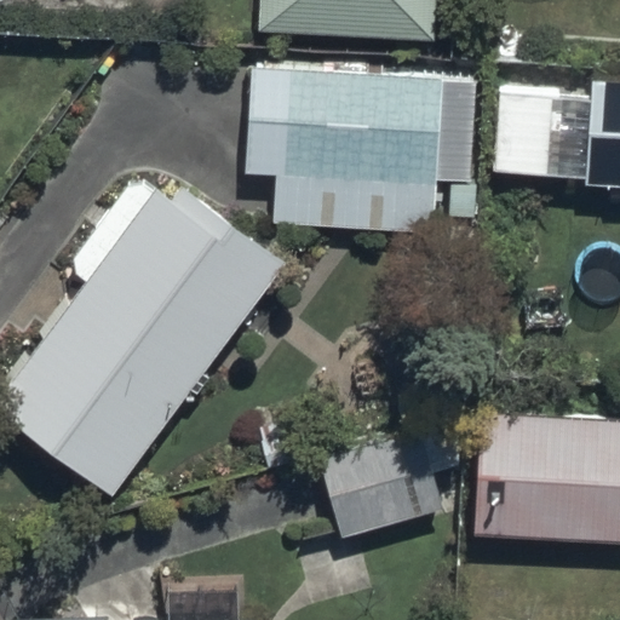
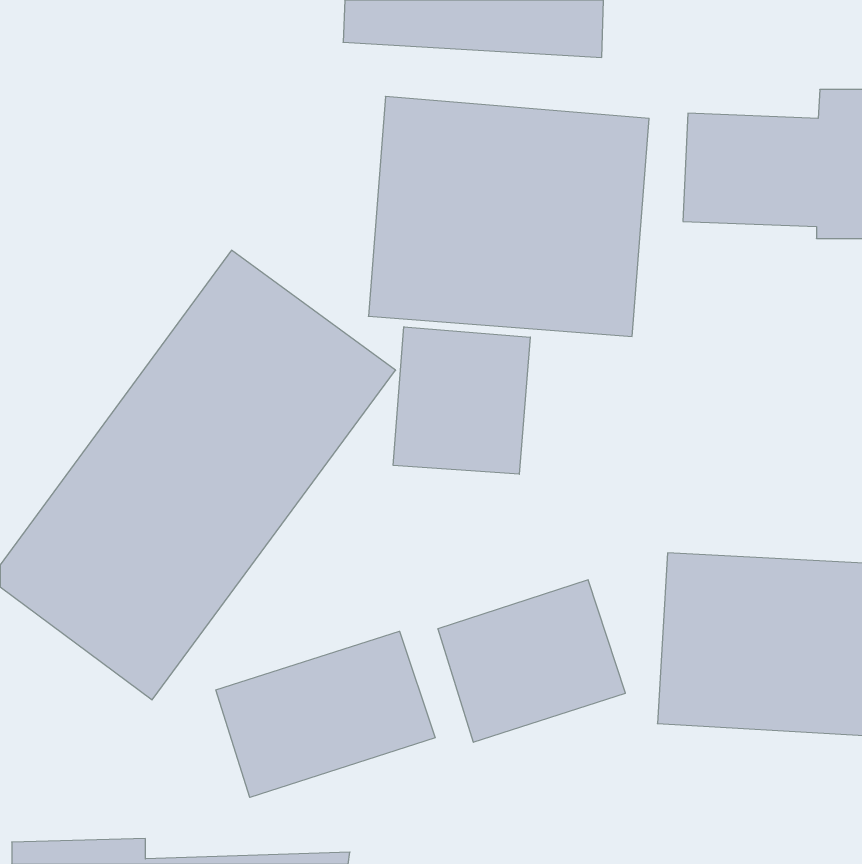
building: none -> [393,327,530,474]
building: none -> [216,631,435,797]

